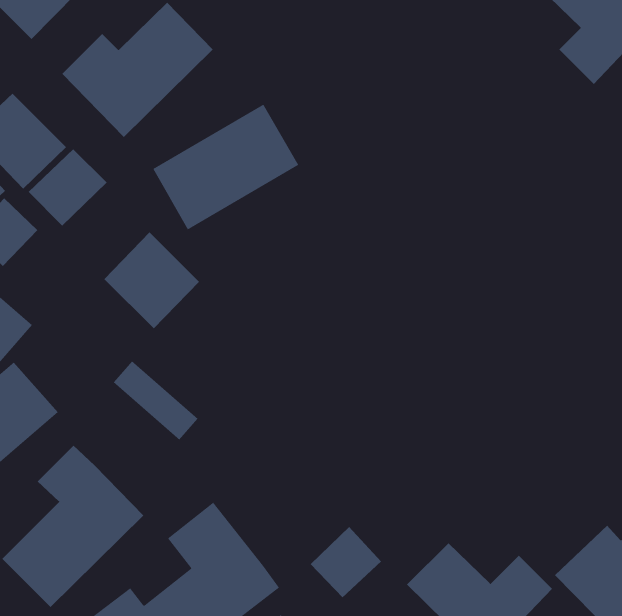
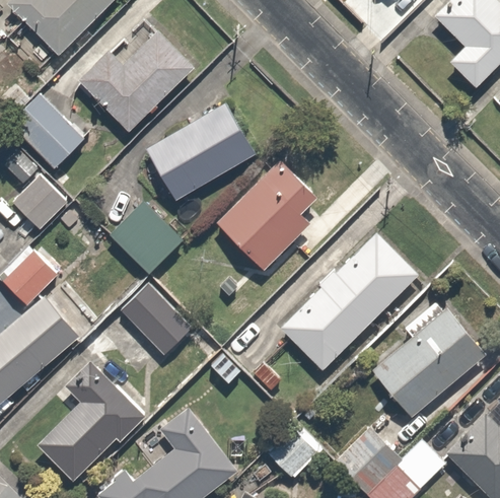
building: [28,149,107,227] -> none
building: none -> [218,158,327,269]
building: none -> [279,232,419,371]
building: none -> [372,308,483,416]

